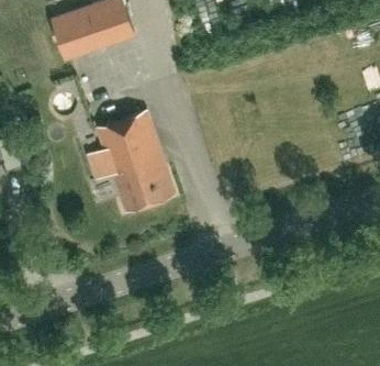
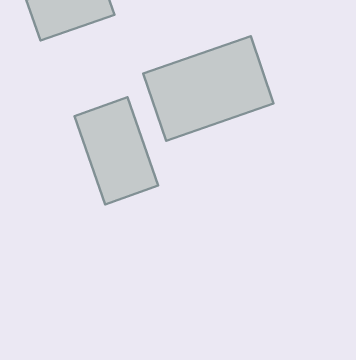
building: none -> [143,36,274,141]

